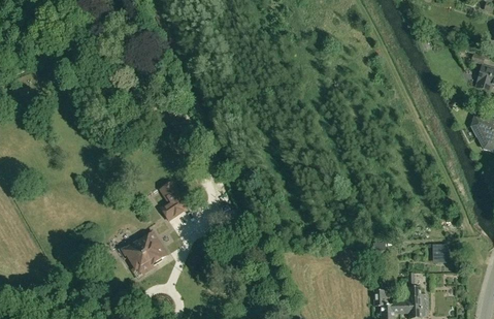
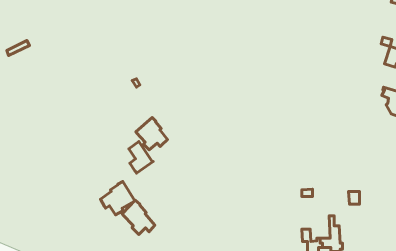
building: none -> [136,118,168,150]
building: none -> [122,200,155,234]

